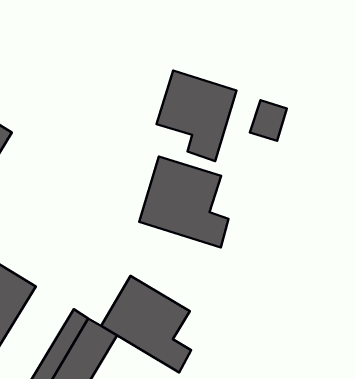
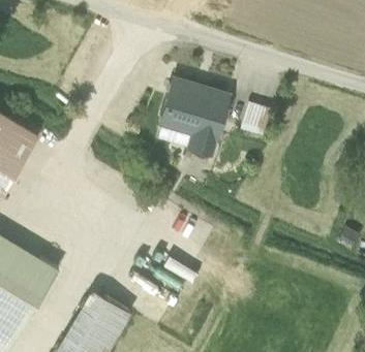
building: [139,157,229,247] -> none
building: [101,276,191,373] -> none

